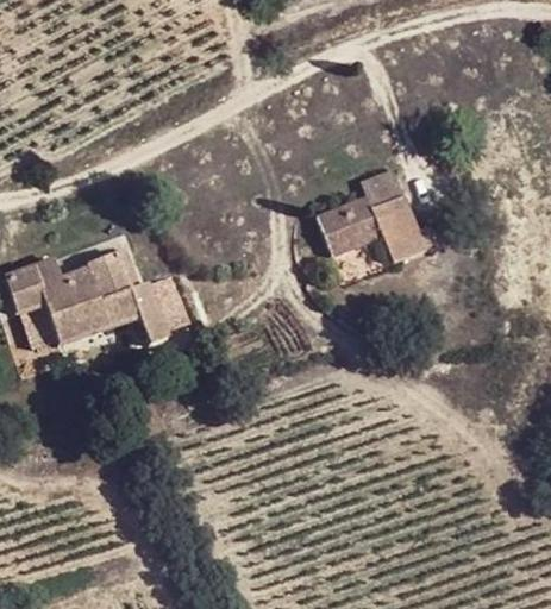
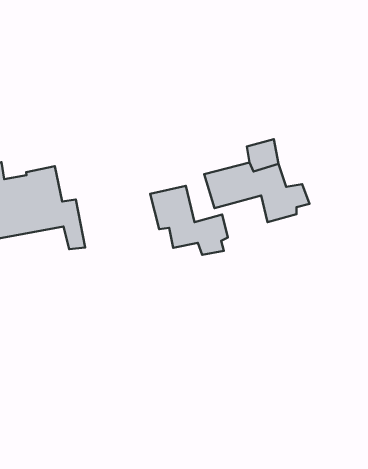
building: none -> [150,186,228,255]

